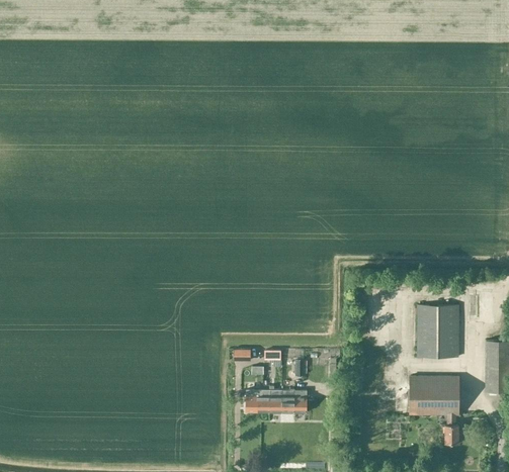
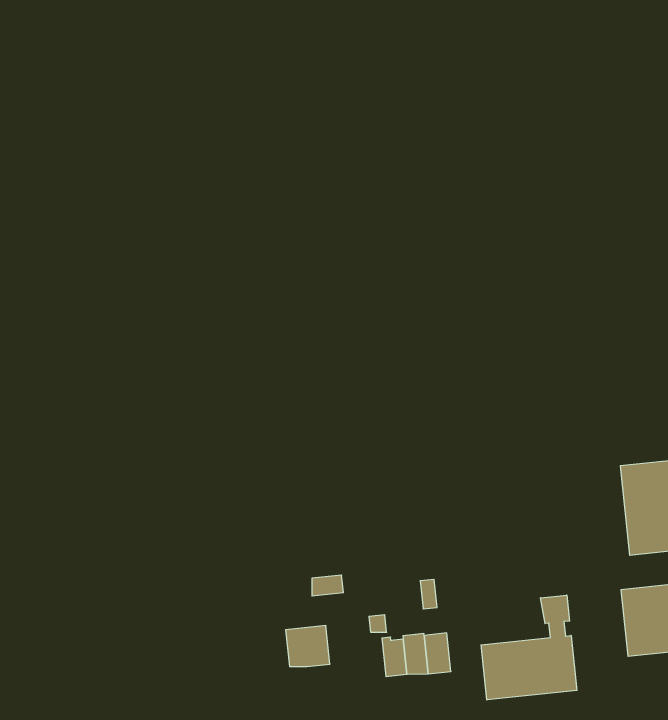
building: none -> [481,595,577,700]
building: [247,389,270,411] -> [286,626,330,667]

